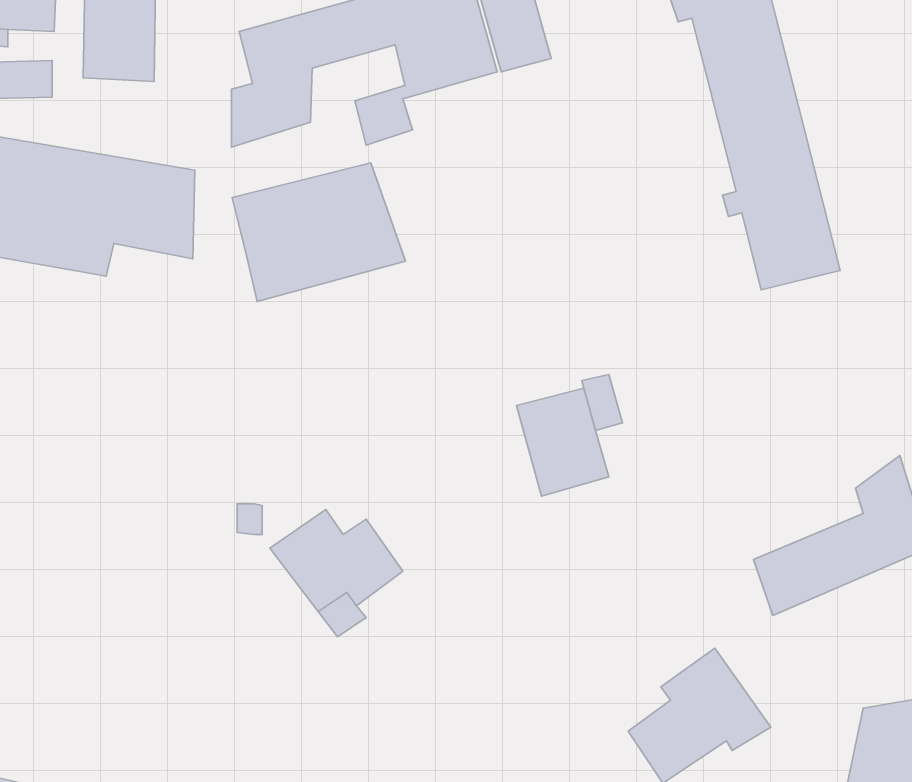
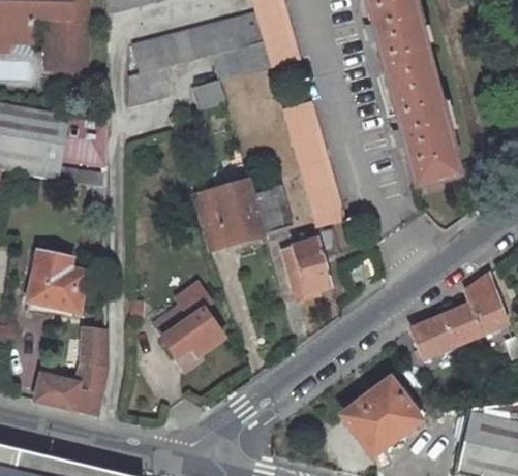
building: none -> [285,102,344,226]
building: [232,163,405,302] -> [197,171,291,246]
building: none -> [25,246,86,308]
building: none -> [29,326,105,414]

